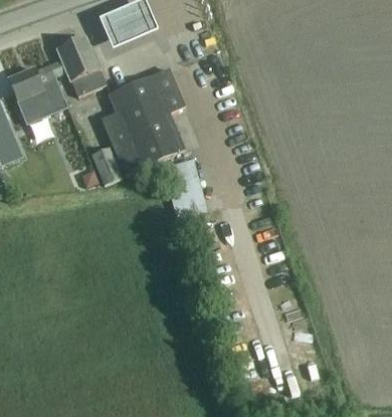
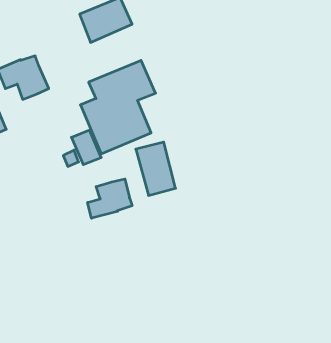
building: [50,36,106,95] -> none
building: none -> [88,179,132,218]

